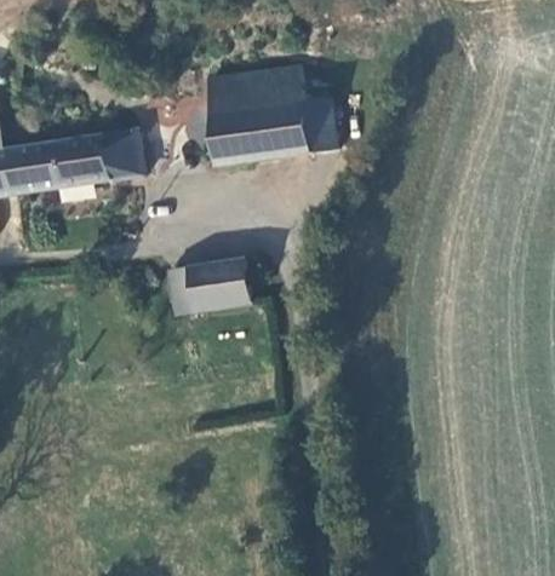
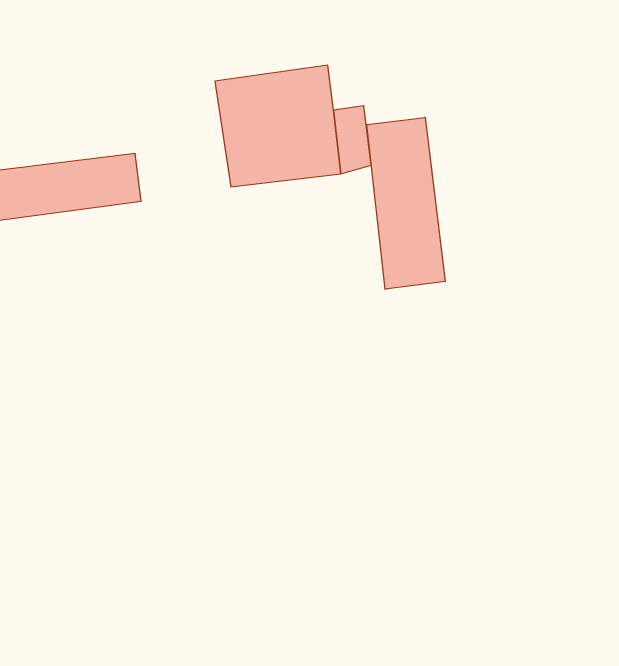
building: none -> [367,117,445,289]
building: [171,257,251,310] -> none

